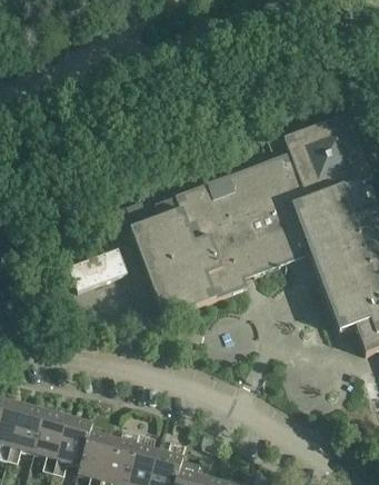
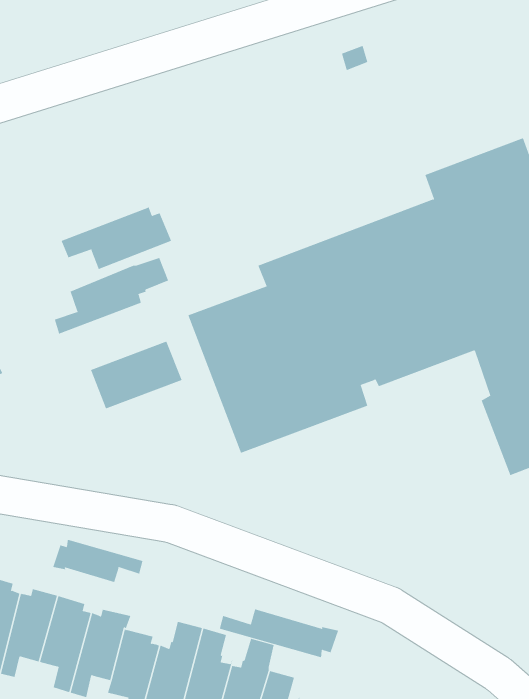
building: none -> [61,204,172,270]
building: none -> [54,257,169,335]
building: none -> [53,537,143,583]
building: none -> [219,609,339,660]

